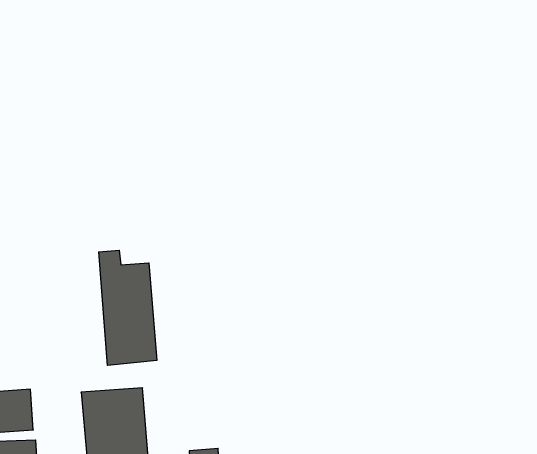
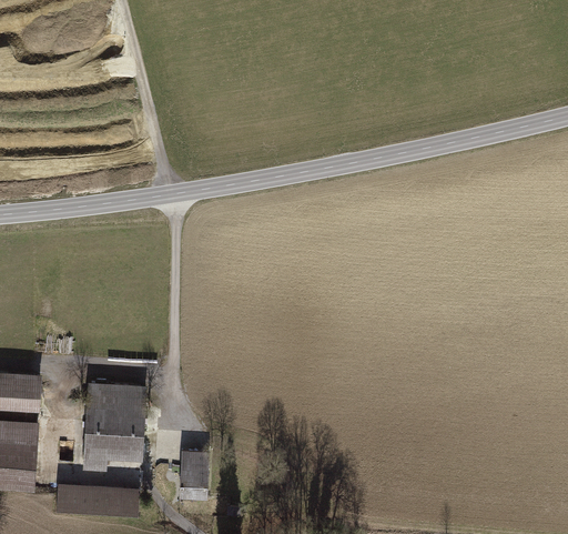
building: [99,250,157,365] -> none

